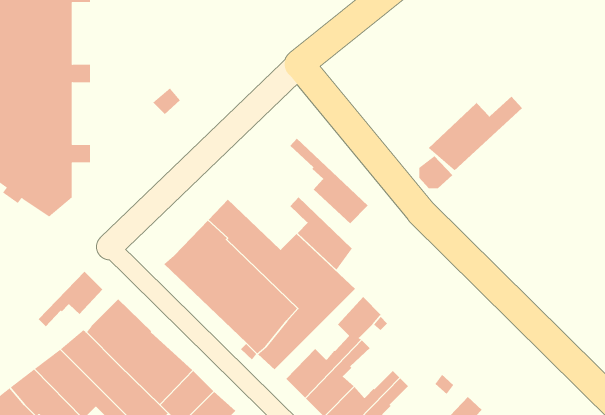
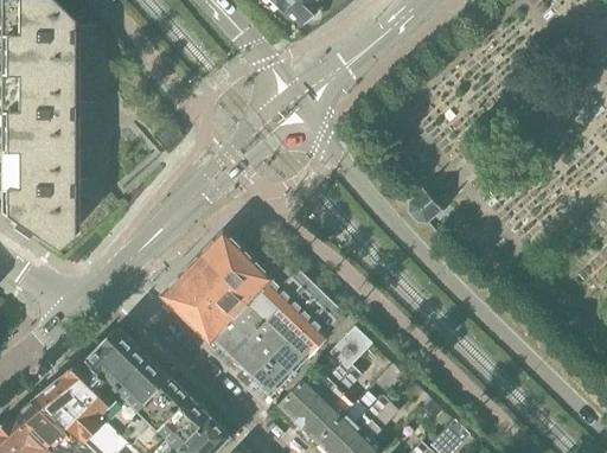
building: [428,96,523,171] -> none
building: [289,138,369,224] -> none
building: [290,197,353,270] -> none
building: [38,271,103,327] -> none

